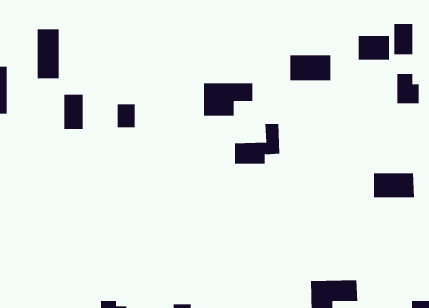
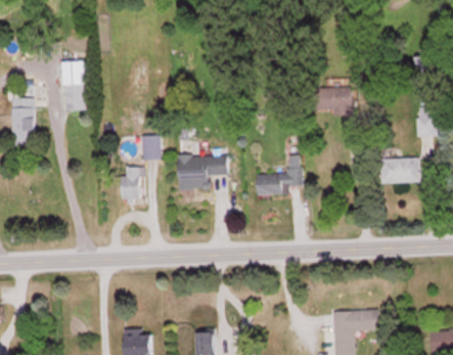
building: [358,35,389,60] -> none
building: [203,83,253,116] -> [178,157,227,189]
building: [64,94,83,130] -> [122,168,141,203]
building: [373,173,415,198] -> [379,159,420,183]

